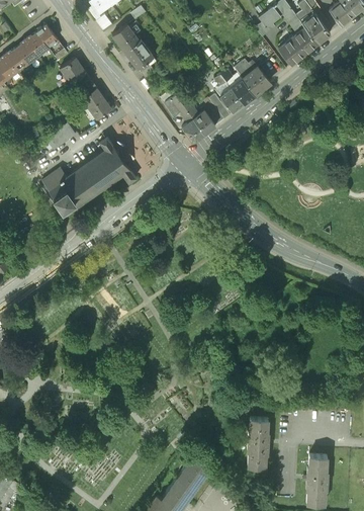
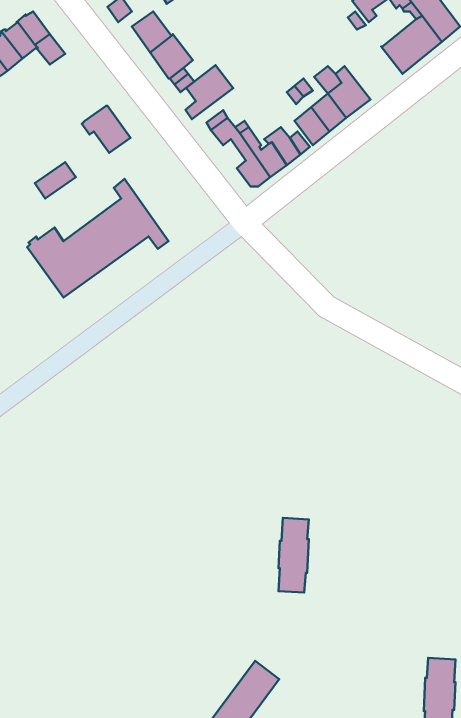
building: [59,57,94,97] -> none
building: none -> [186,65,233,119]
building: [247,417,267,466] -> [278,518,309,593]

